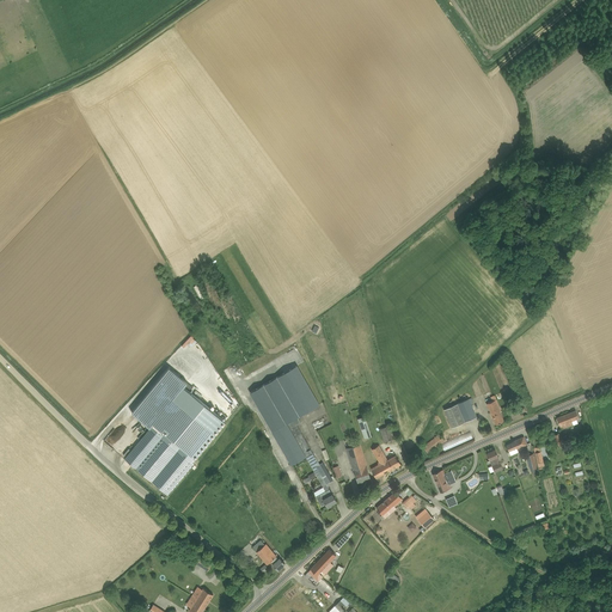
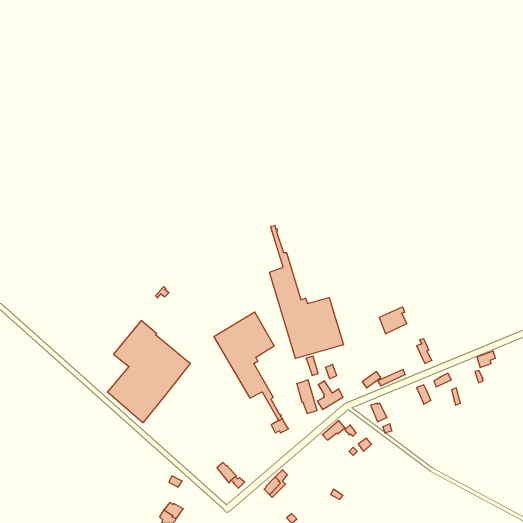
building: none -> [270,225,344,358]
building: [445,397,477,428] -> [379,307,407,334]

